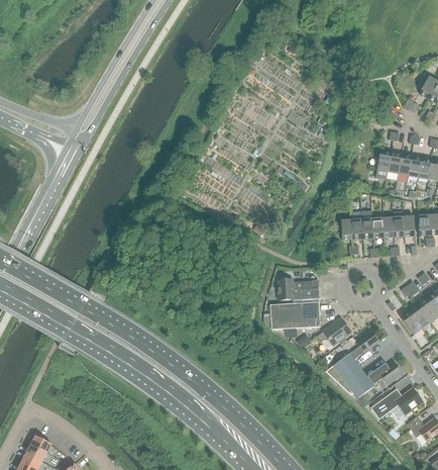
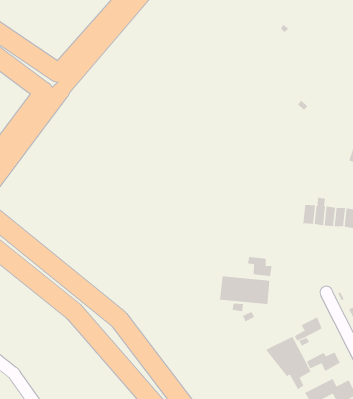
building: [278,278,301,299] -> none
building: [317,318,351,345] -> none

